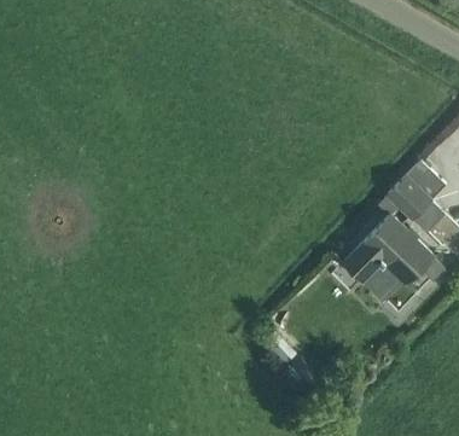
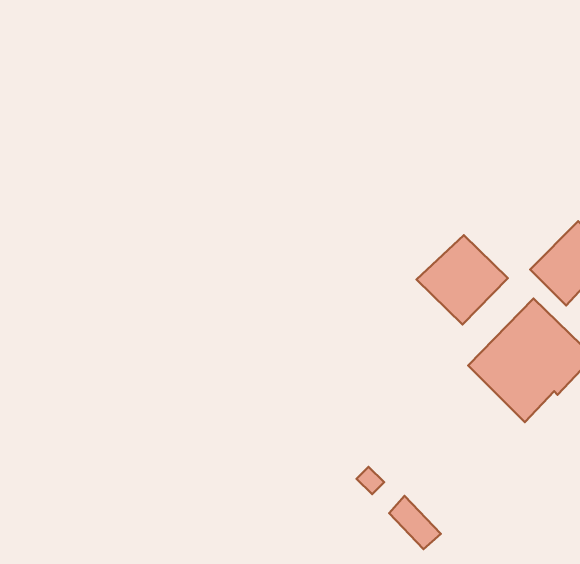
building: none -> [416,235,508,325]

